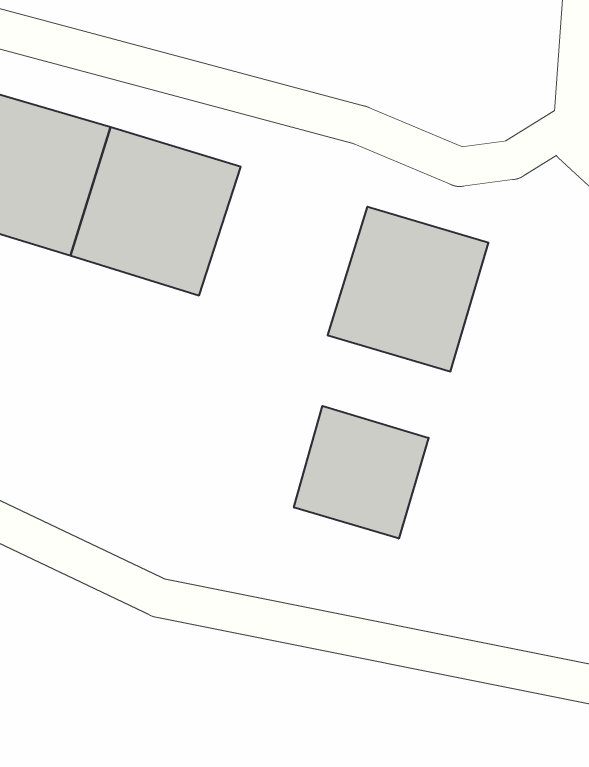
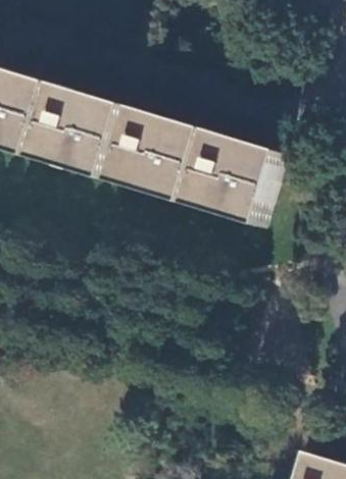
building: none -> [113,108,208,203]
building: [294,406,429,539] -> none

